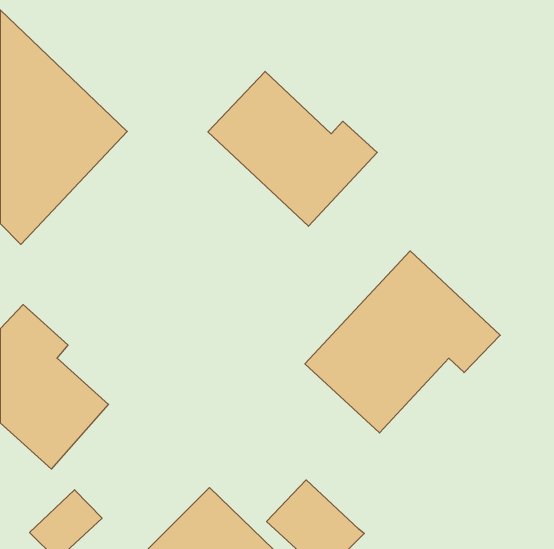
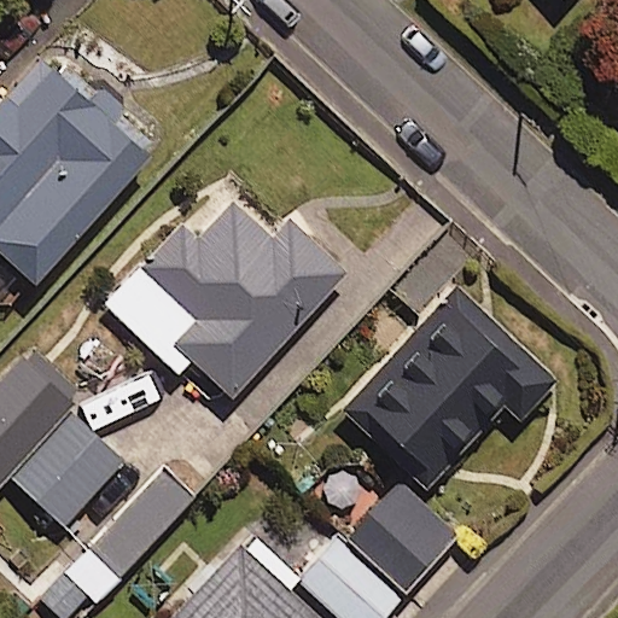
building: [208,71,377,226] -> none
building: none -> [105,194,342,395]
building: none -> [344,485,454,595]

